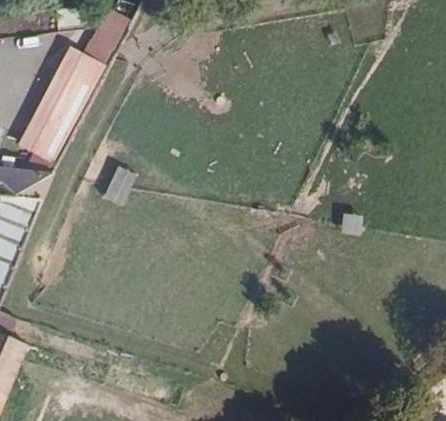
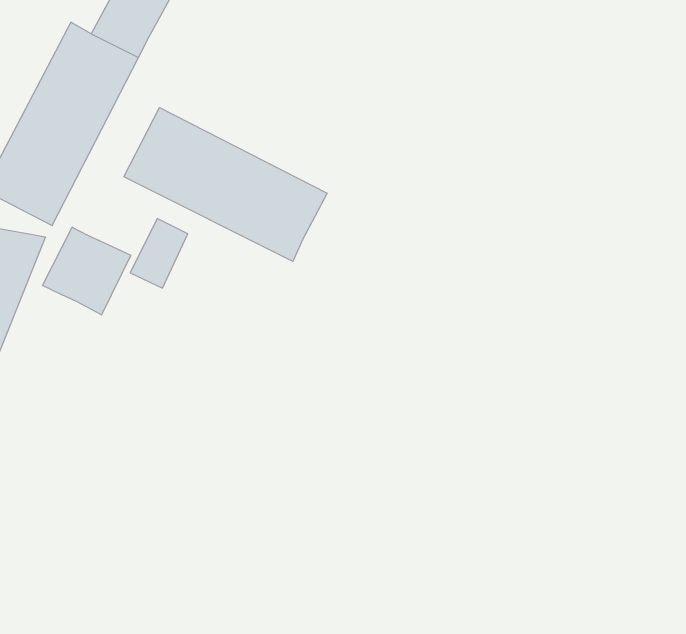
building: none -> [124,108,327,261]
building: none -> [42,227,131,315]

